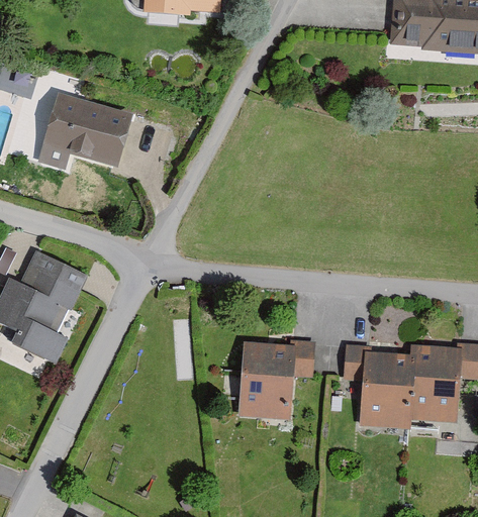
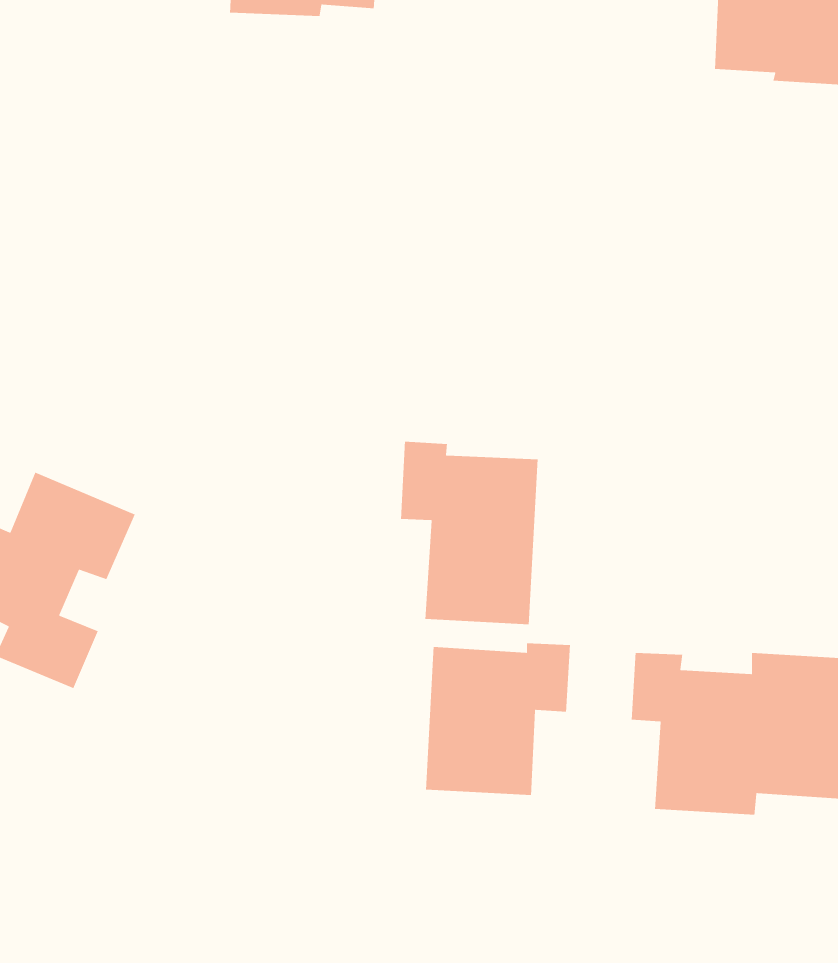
building: [34,93,129,173] -> none
building: none -> [400,441,538,625]

